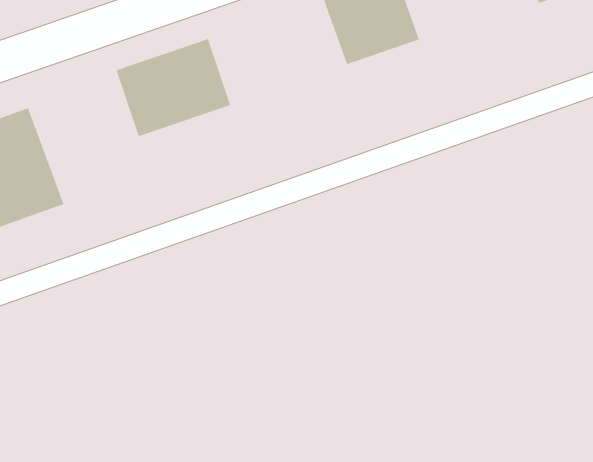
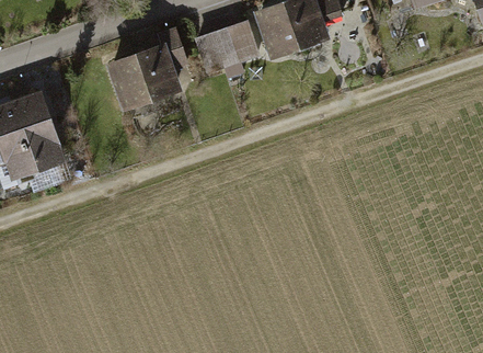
building: none -> [194,23,260,77]

